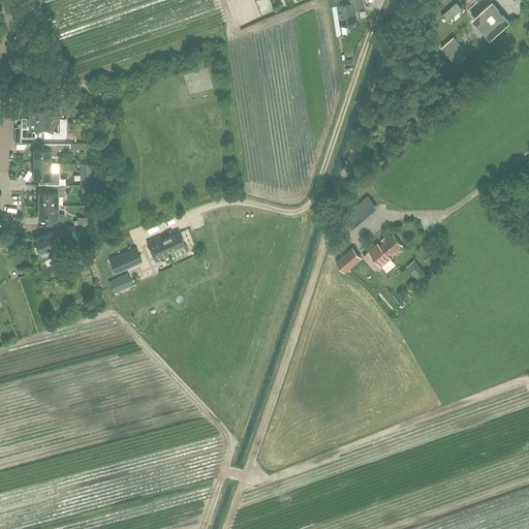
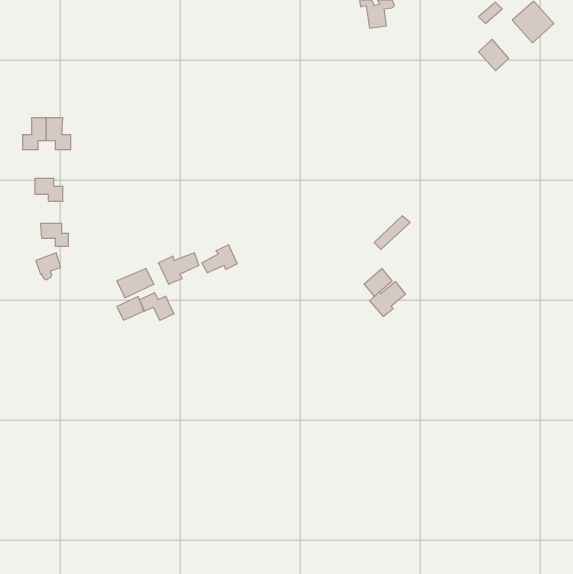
building: [32,139,90,164] -> none
building: [37,185,63,206] -> none
building: none -> [202,245,237,273]
building: [368,234,401,266] -> [370,282,406,316]
building: none -> [139,293,174,320]

